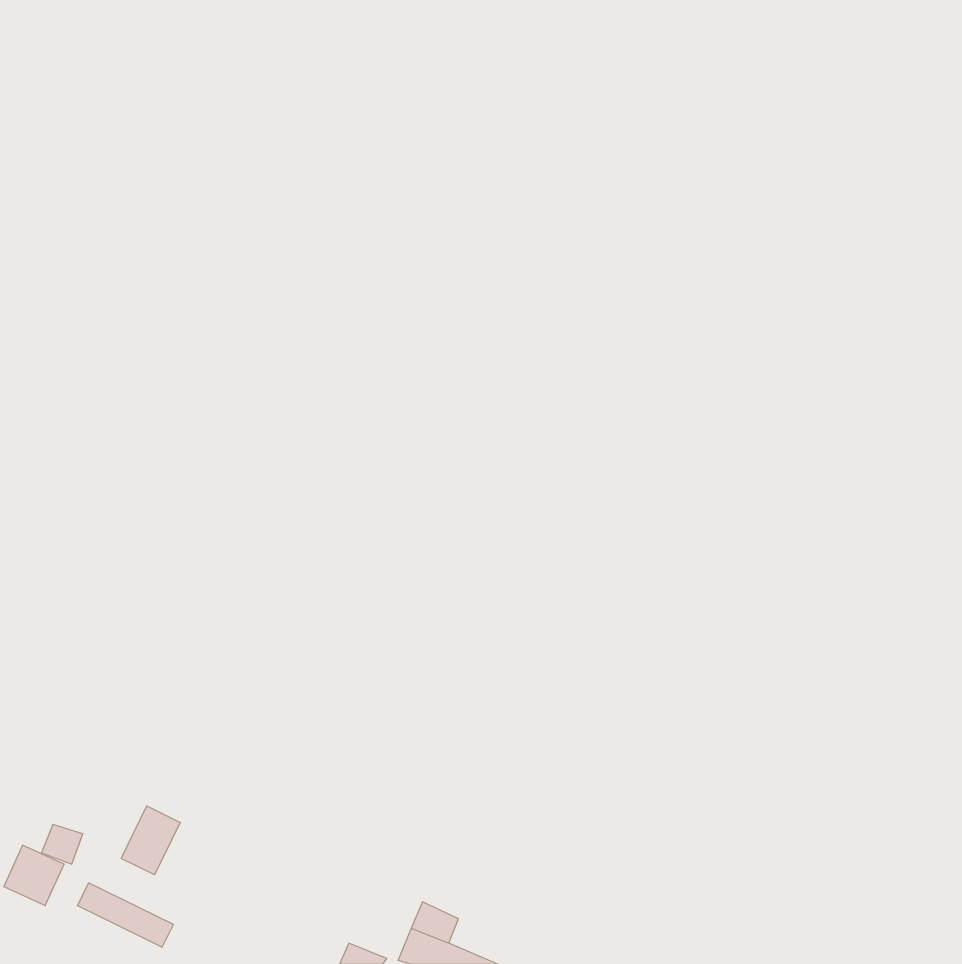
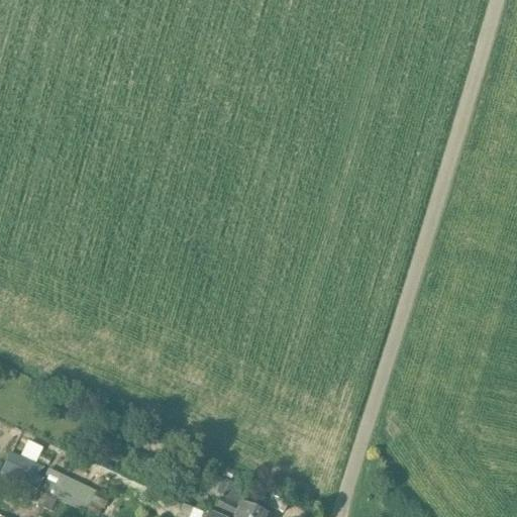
building: [121,806,180,875] -> none

